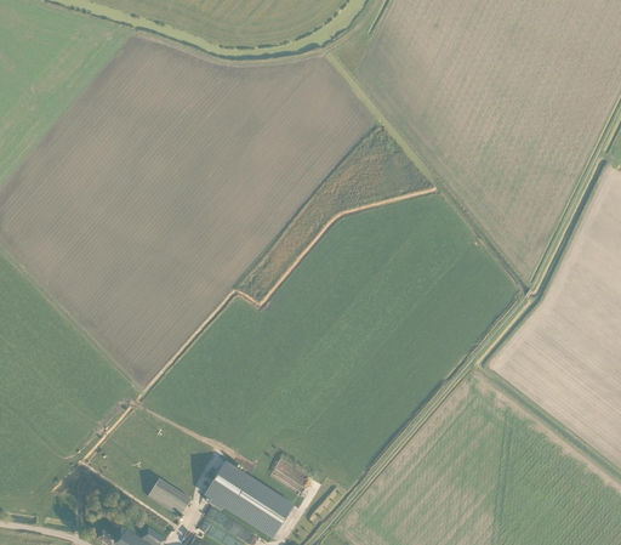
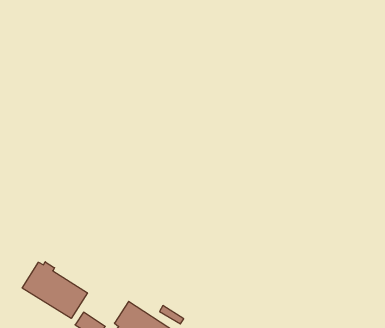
building: none -> [22,262,87,318]

